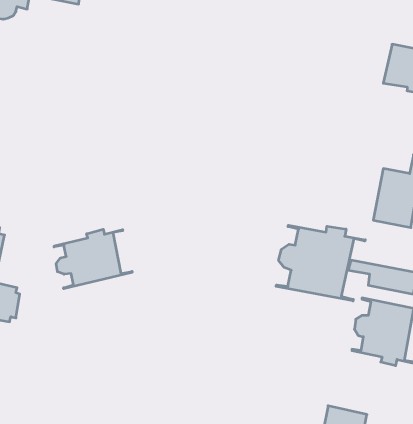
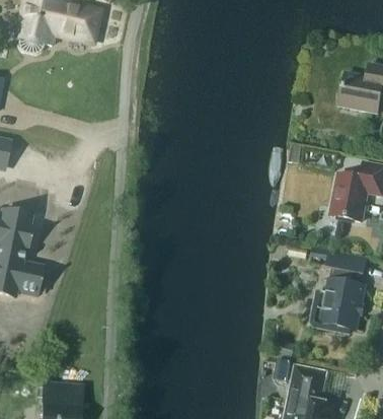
building: [276,225,365,301] -> none
building: [54,229,132,289] -> none

